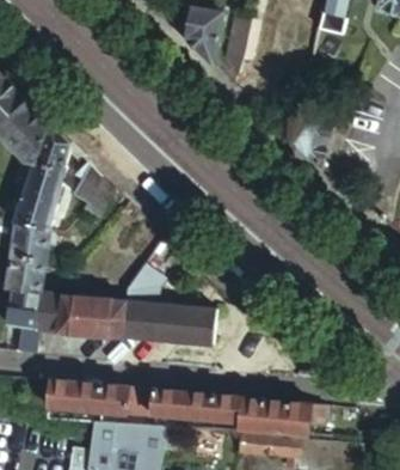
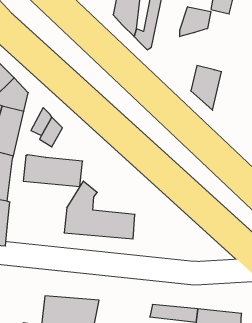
building: none -> [180,7,211,37]
building: [41,292,122,335] -> [23,155,83,186]
building: [47,379,147,414] -> none
building: [153,390,325,437] -> none

